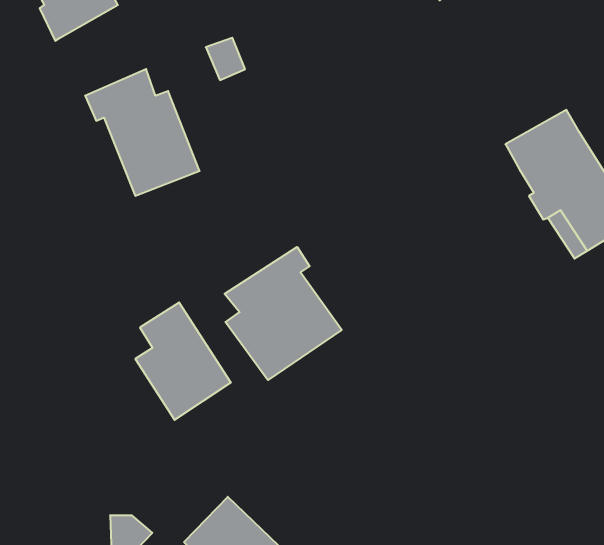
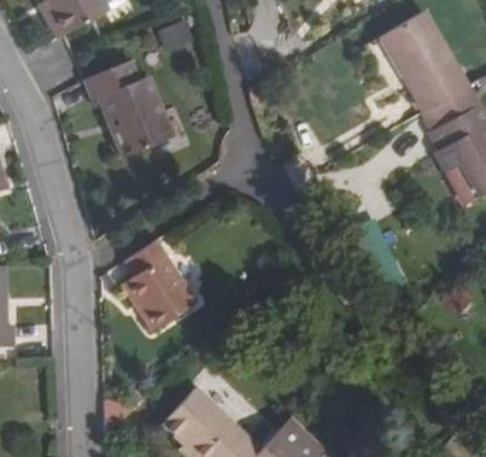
building: none -> [353,13,456,116]
building: [225,247,342,380] -> none

